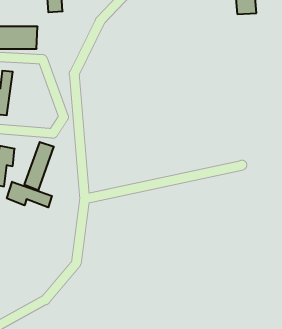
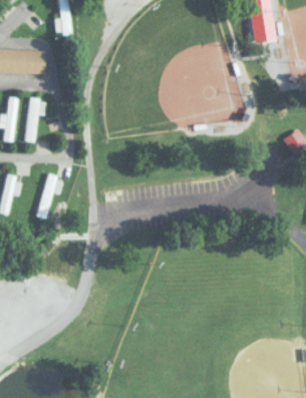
building: none -> [24,97,45,143]
building: [7,182,52,207] -> none

